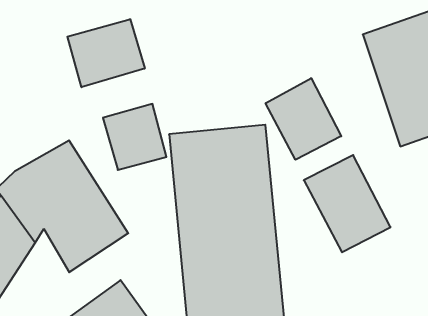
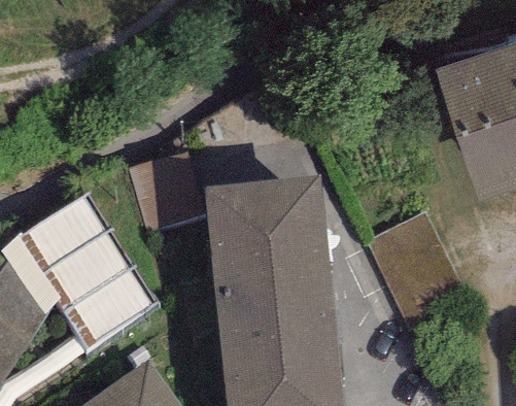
building: [67,19,145,87] -> none
building: [266,78,341,160] -> none

